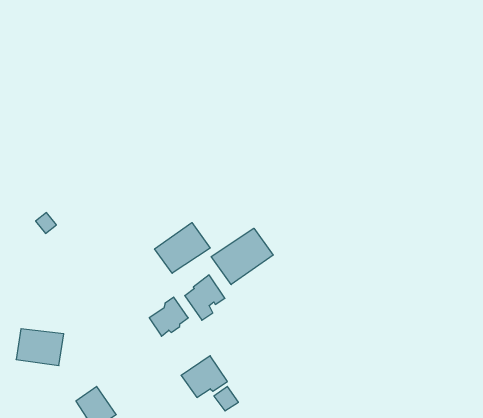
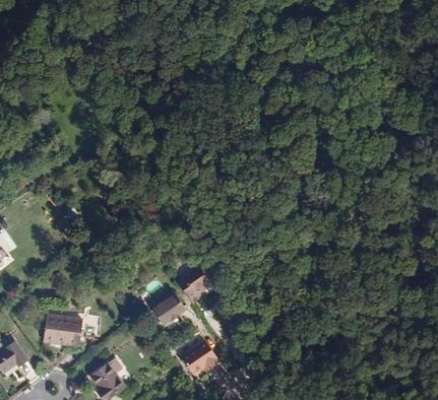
building: [155,223,210,273] -> none
building: [211,228,273,285] -> none

